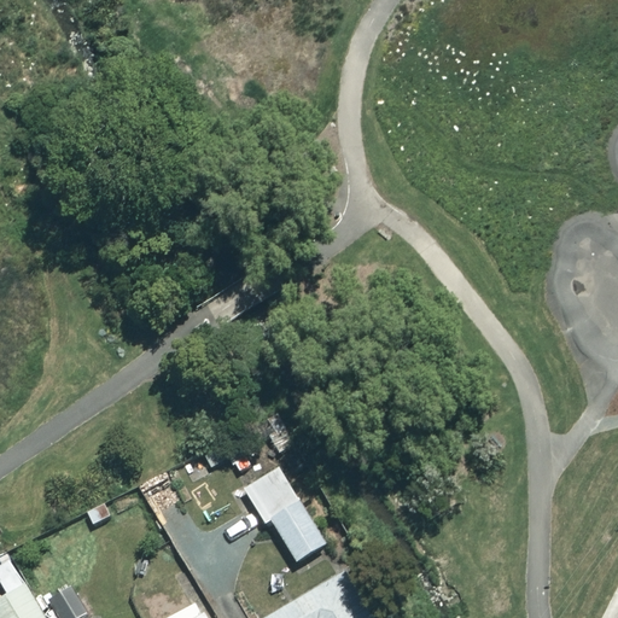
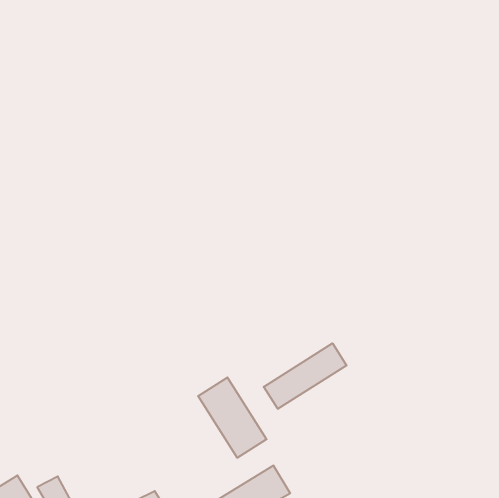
building: none -> [264,343,347,409]

